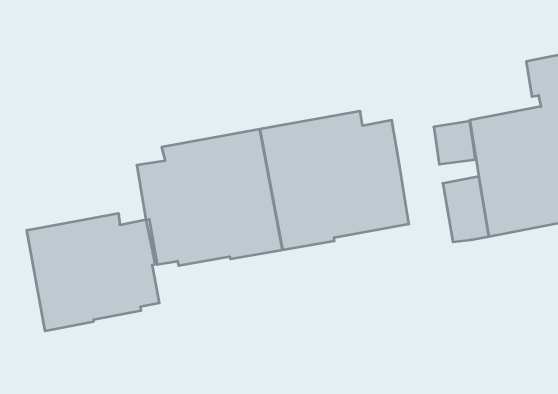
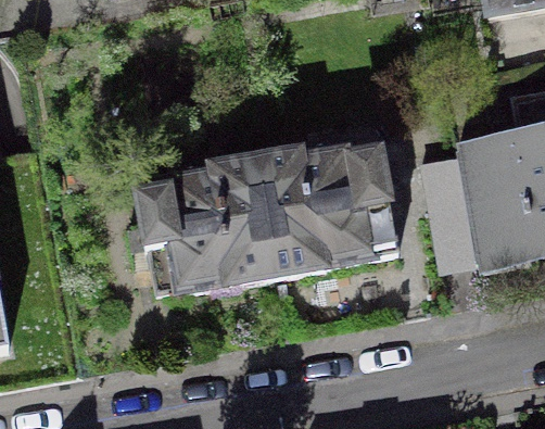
building: [27,213,159,331] -> none

